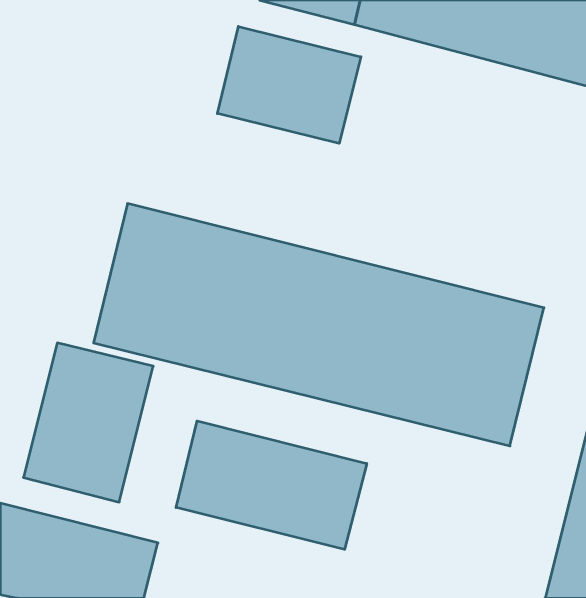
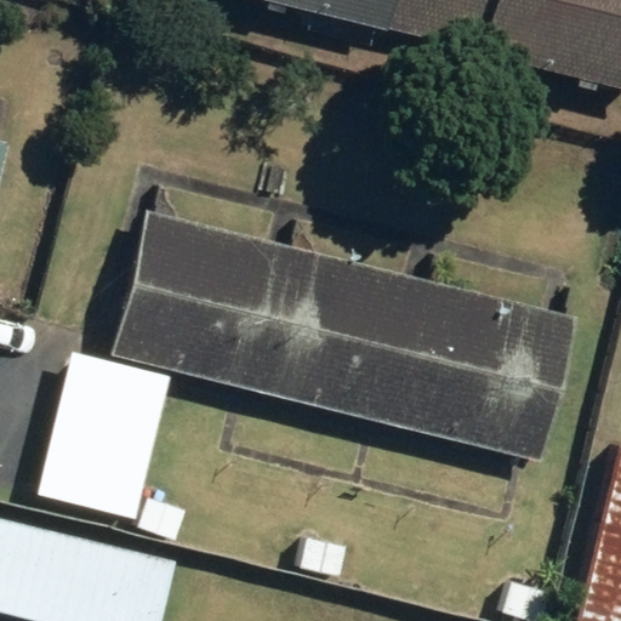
building: [217,26,361,143] -> none
building: [176,421,367,549] -> none

